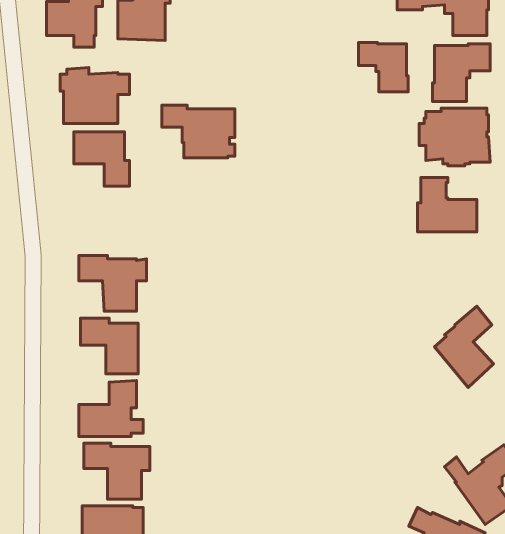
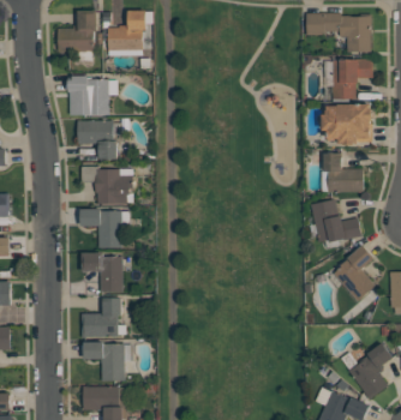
building: [358,42,408,92] -> none
building: [162,105,235,158] -> [80,167,132,204]
building: none -> [310,199,361,248]

